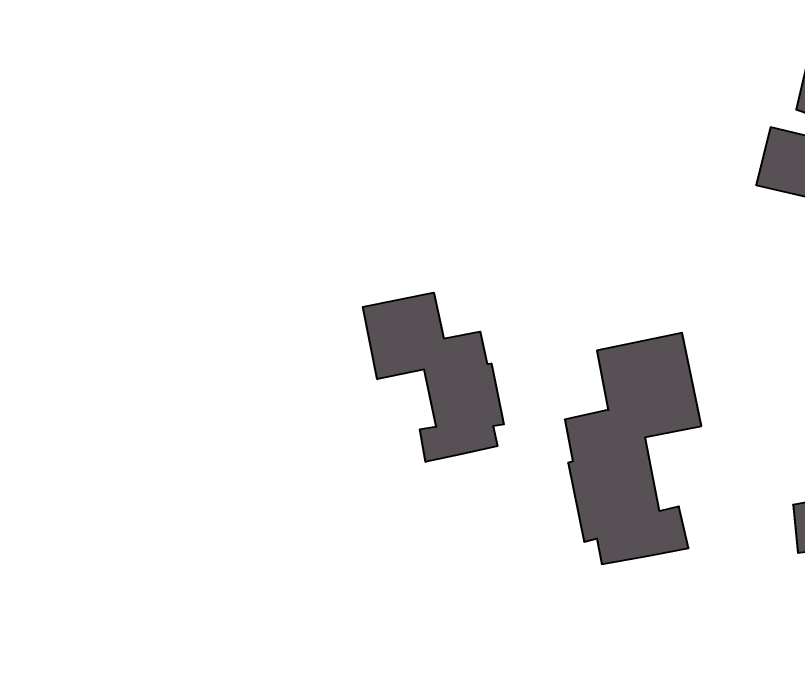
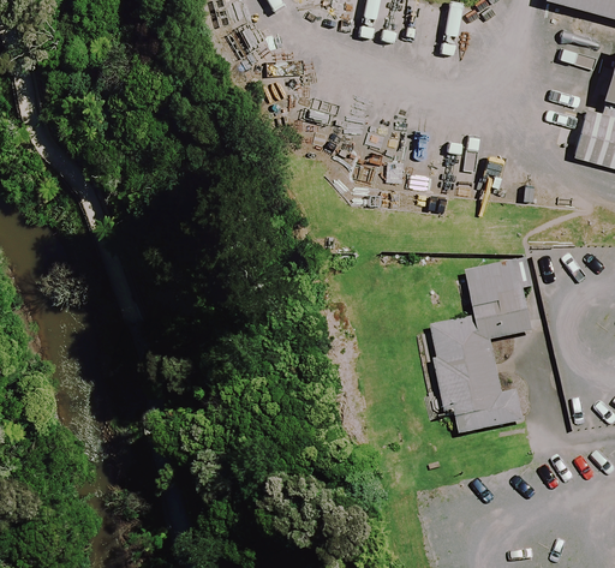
building: [363,293,504,462] -> none

